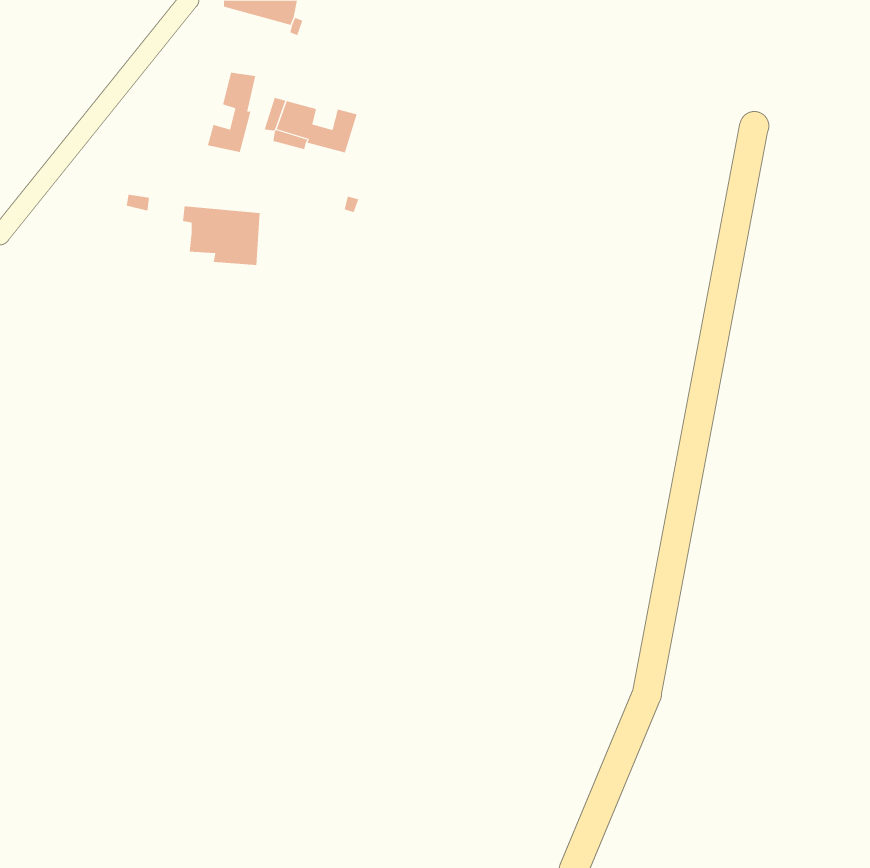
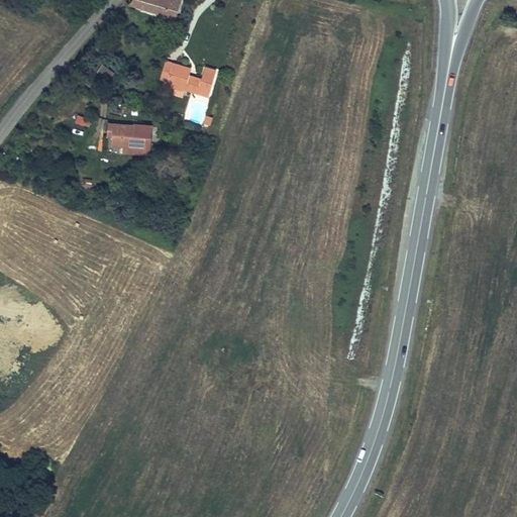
building: [207,72,256,153] -> none

